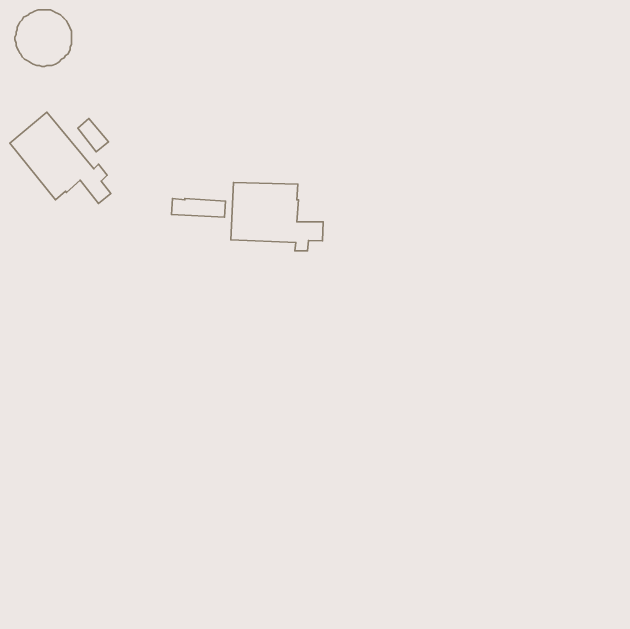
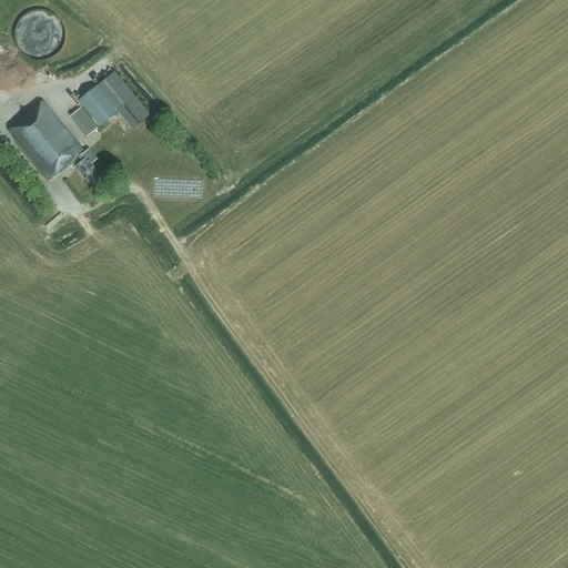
building: none -> [79,70,150,129]
building: [231,183,323,251] -> none

